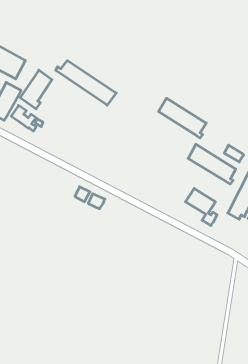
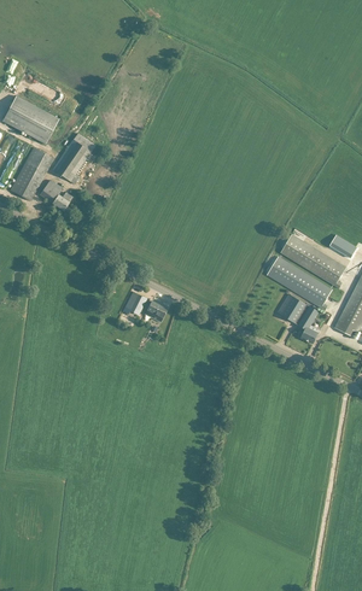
building: [56,61,116,105] -> none
building: [159,98,206,138] -> [267,256,332,310]

